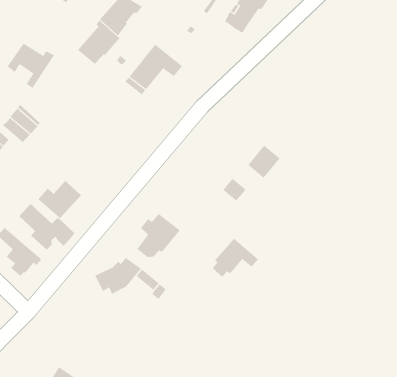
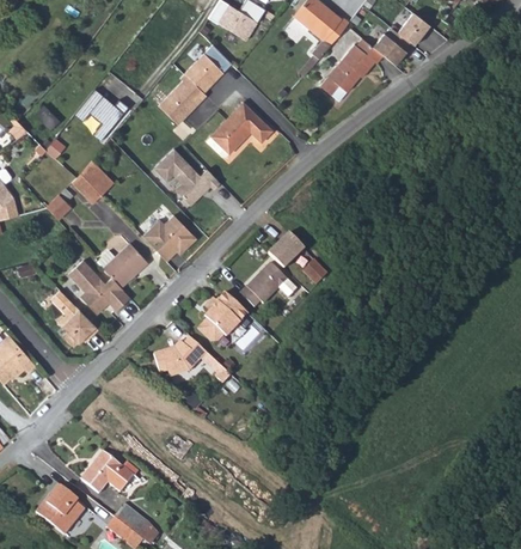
building: none -> [151,147,216,205]
building: [247,145,280,178] -> [268,232,305,269]
building: none -> [136,215,190,262]
building: [212,238,259,278] -> [243,262,295,305]

